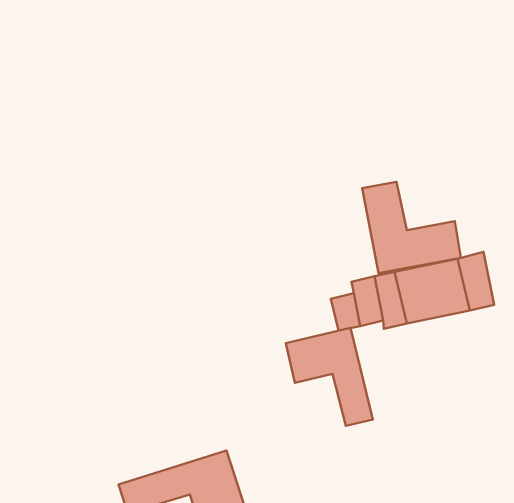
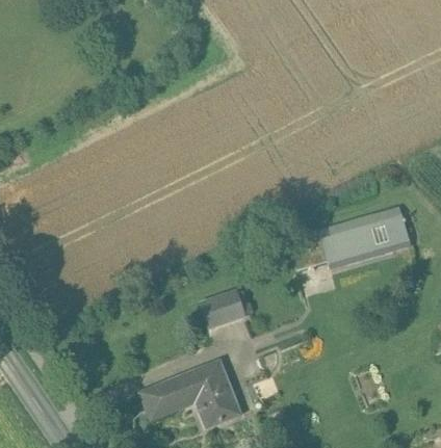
building: [362,182,461,273] -> none
building: [286,328,373,426] -> none
building: none -> [203,293,243,328]

